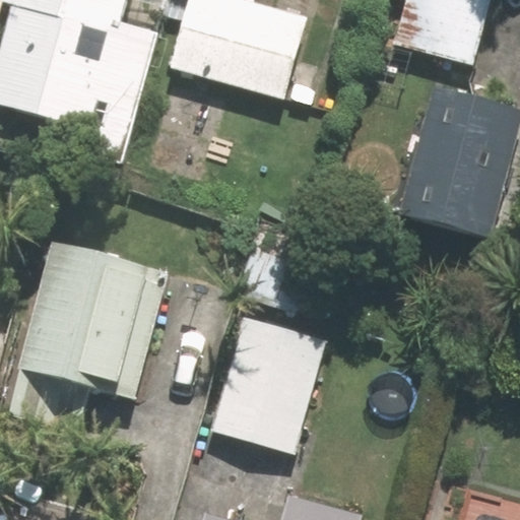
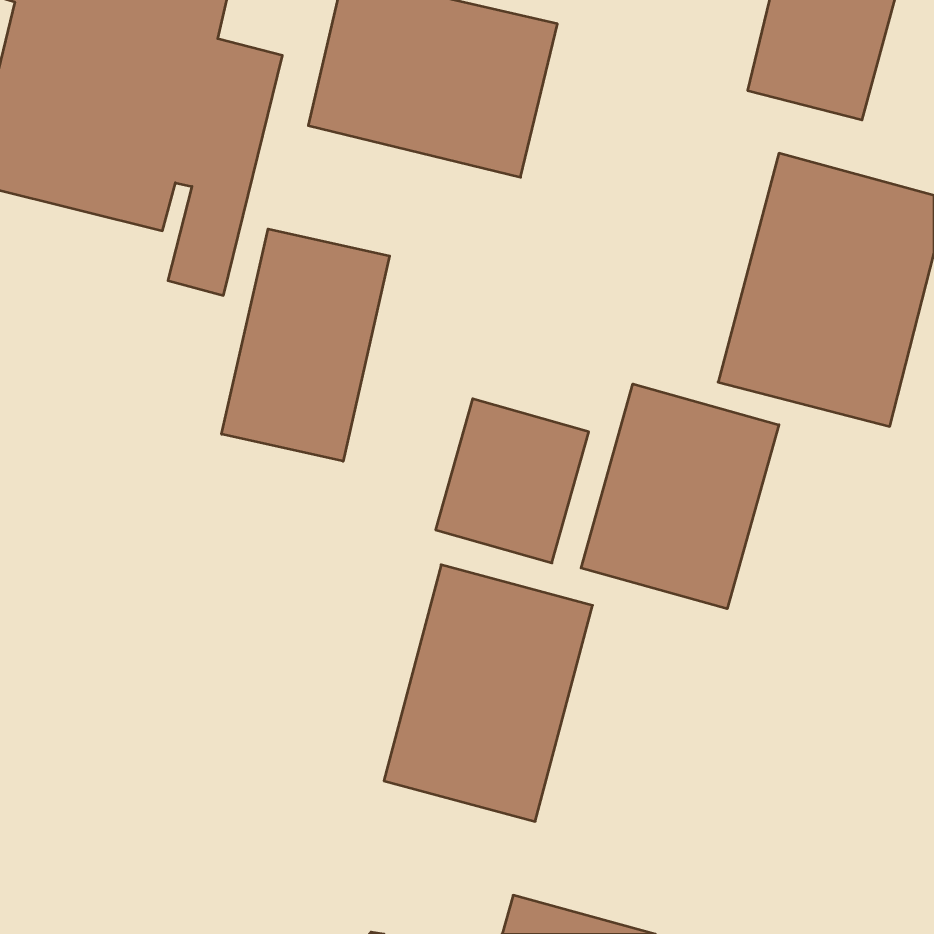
building: none -> [222,229,390,461]
building: none -> [581,384,779,609]
building: [7,241,175,440] -> none

